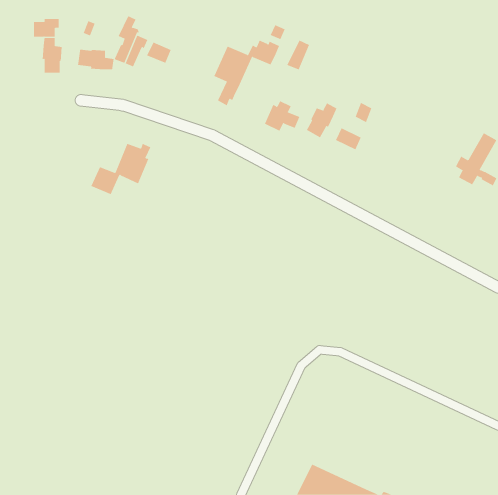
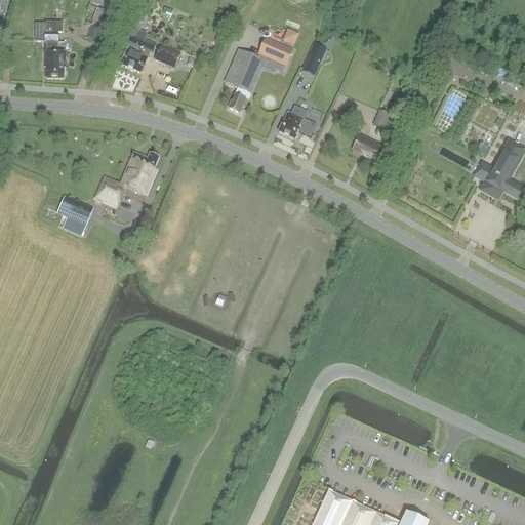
building: [78,49,114,70] -> none
building: [306,103,337,138] -> none
building: none -> [57,197,92,234]

